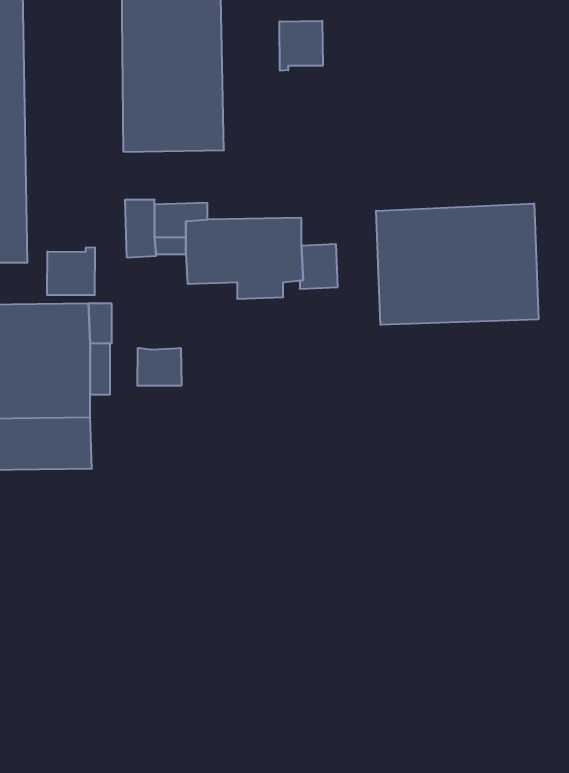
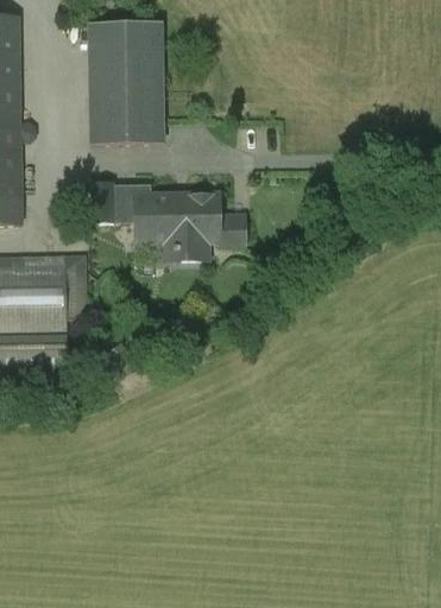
building: [279,21,323,71] -> none
building: [376,203,538,325] -> none
building: [47,247,95,295] -> none
building: [137,348,181,386] -> none

